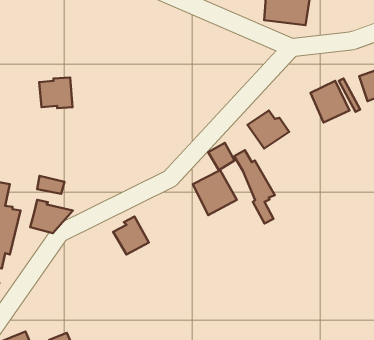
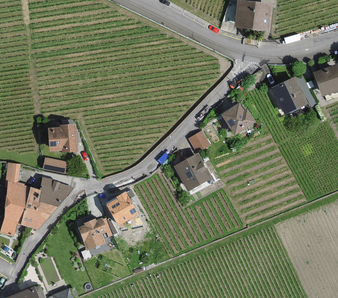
building: [39,77,72,108] -> [48,124,76,150]
building: [234,150,275,223] -> none
building: none -> [20,186,56,228]
building: none -> [79,218,111,247]

